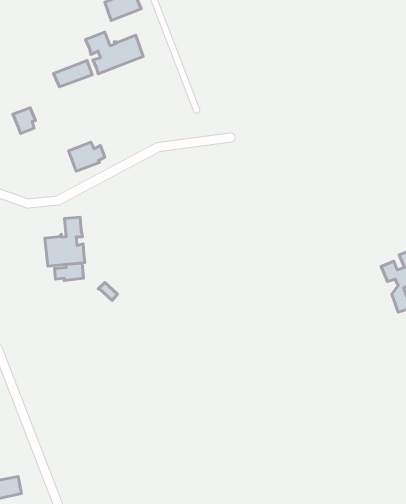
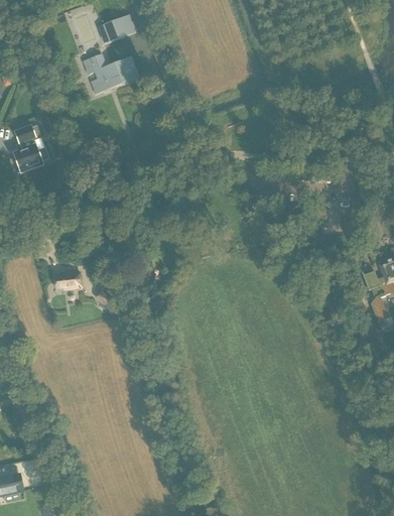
building: [53,61,92,87] -> none
building: [69,142,105,171] -> [13,144,47,171]
building: [45,217,85,266] -> none

